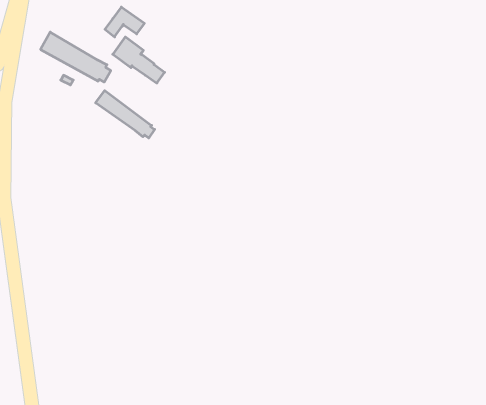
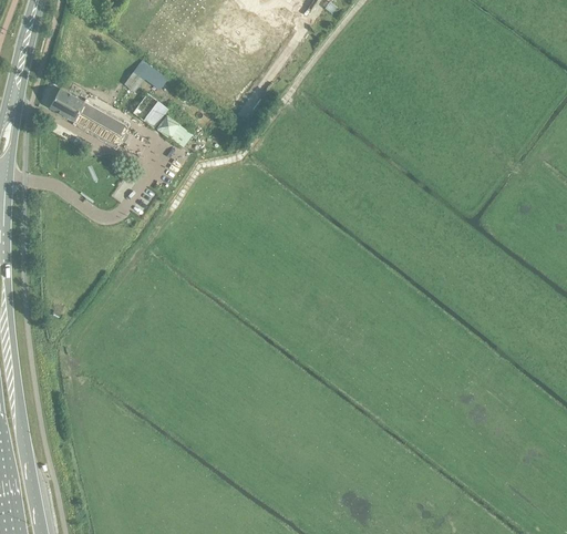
building: [96,91,155,138] -> none

